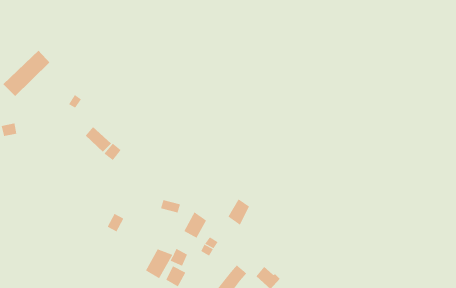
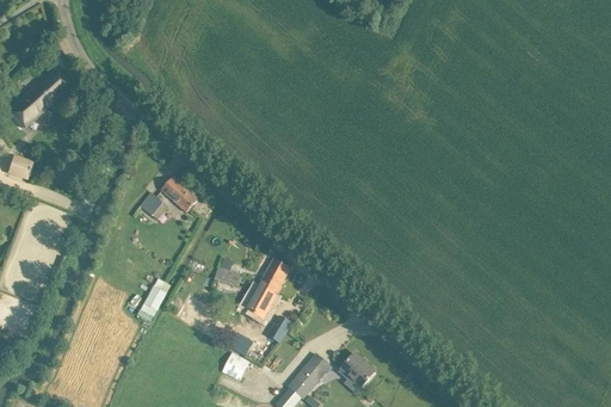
building: [85,126,112,152] -> [162,178,198,212]
building: [227,199,250,226] -> [260,259,290,295]
building: [145,248,173,279] -> none

